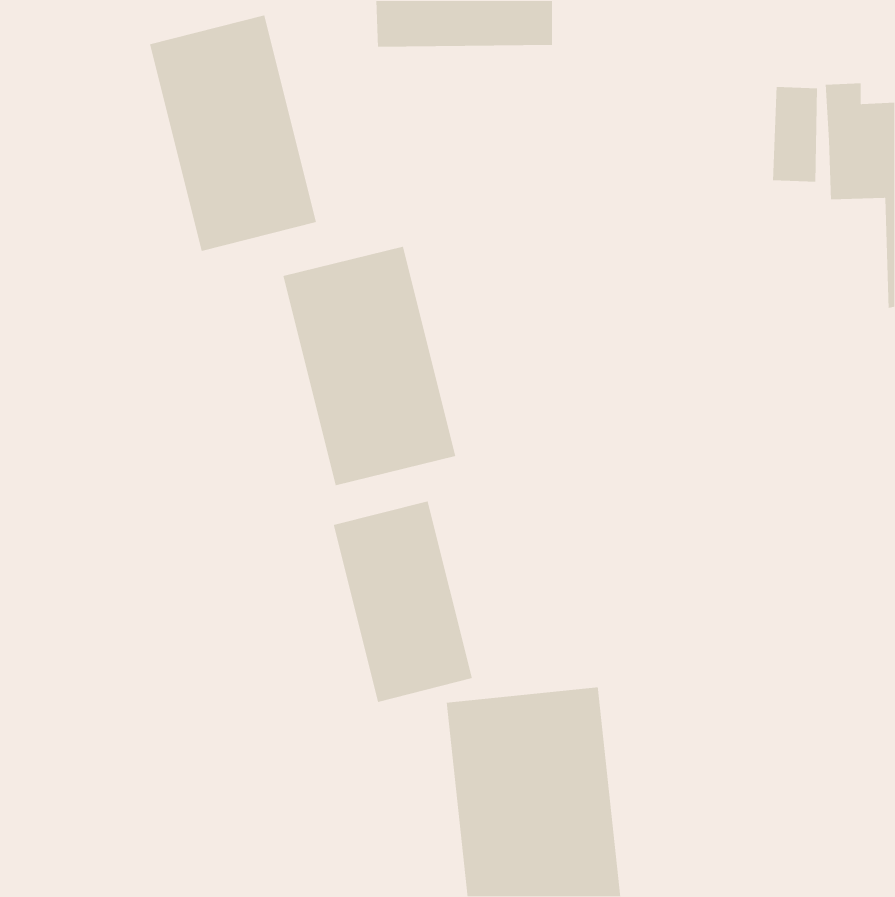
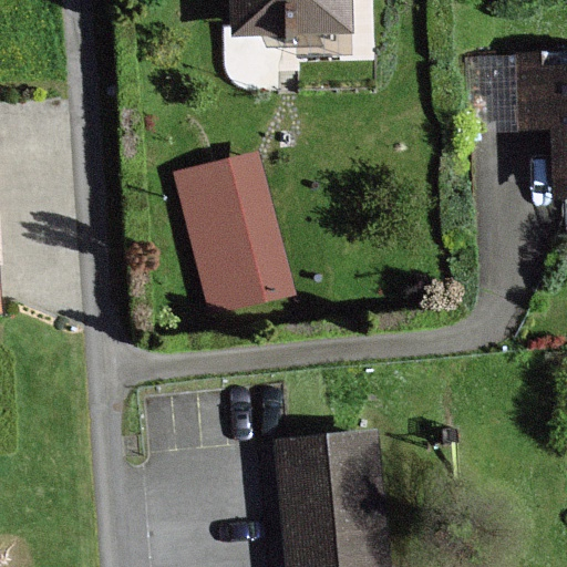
building: [149,14,317,252] -> none
building: [333,500,473,703] -> none

